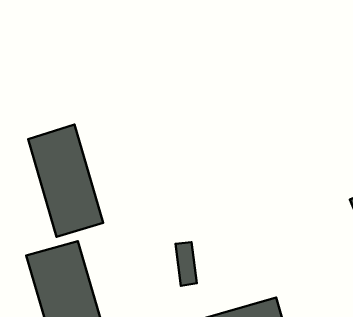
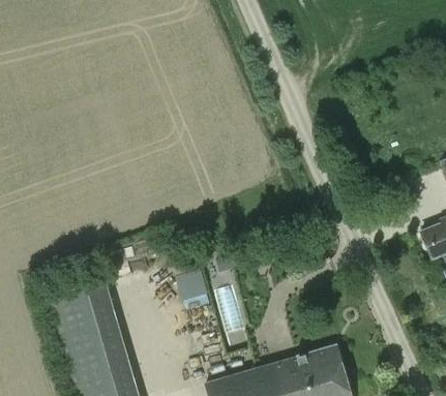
building: [28,125,103,237] -> none

